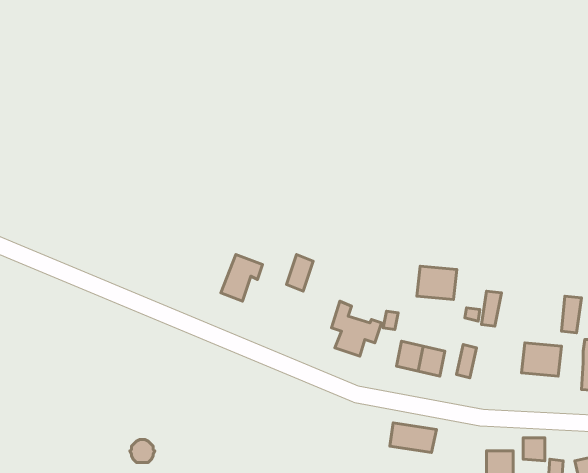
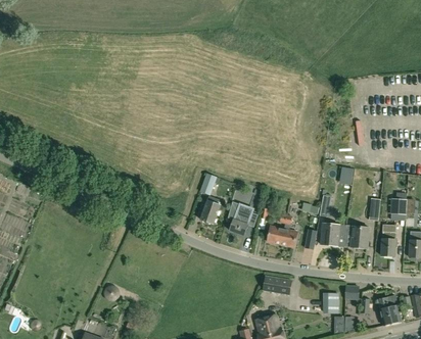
building: [221,255,262,301] -> [200,196,226,225]
building: [417,266,457,300] -> [322,225,346,245]

